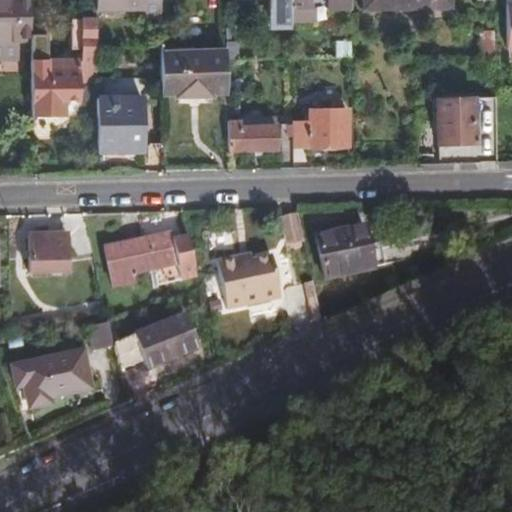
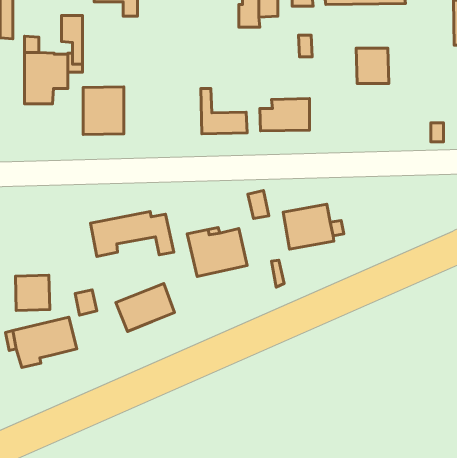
building: [162,49,227,97] -> none
building: [438,100,474,139] -> [356,48,389,83]
building: [29,231,67,270] -> [15,275,50,310]

